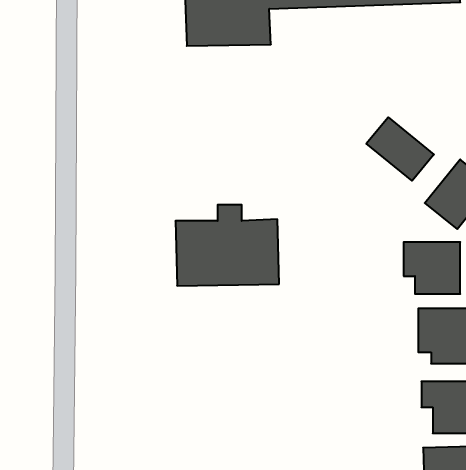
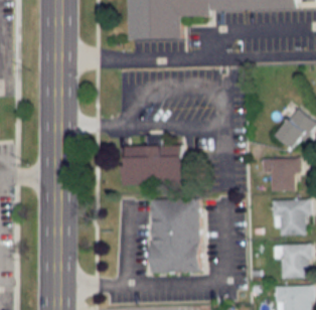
building: [366,117,434,181] -> none
building: none -> [150,197,200,273]

